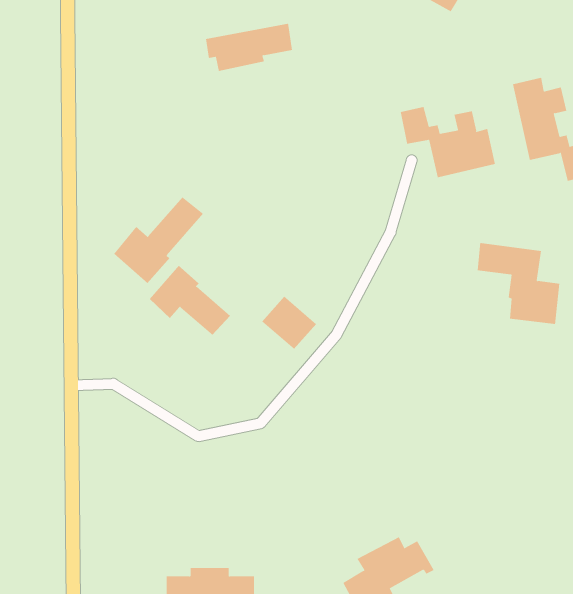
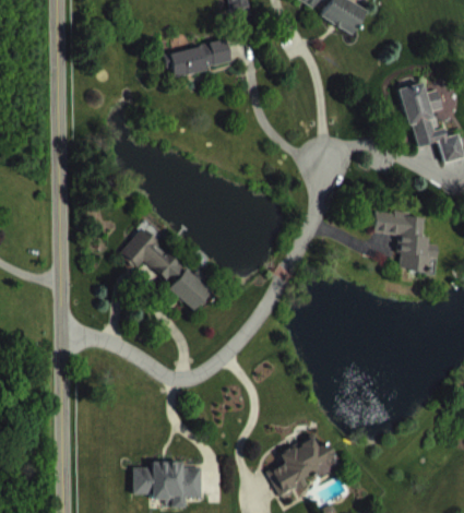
building: [400,106,495,178] -> none
building: [113,196,204,284] -> none
building: [262,296,317,350] -> [168,269,211,310]

